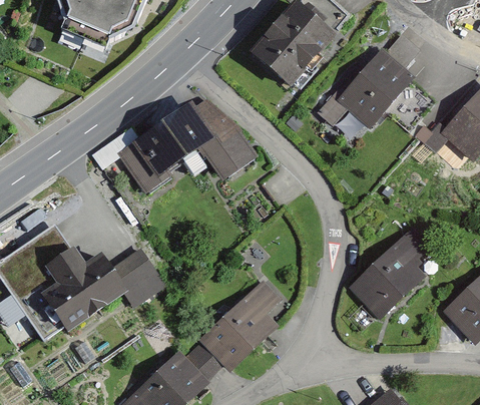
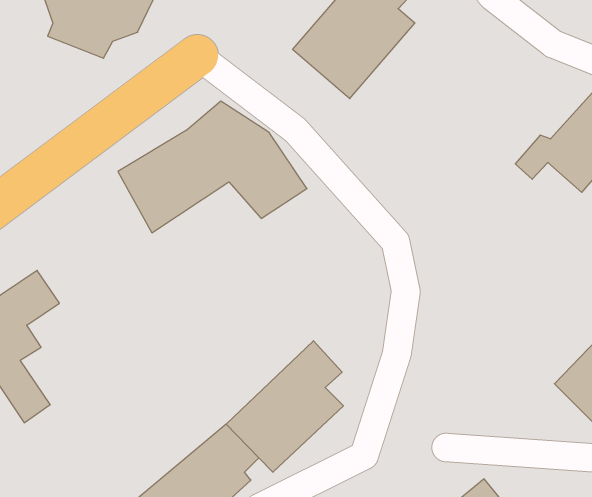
building: [311,32,415,139] -> none
building: [354,226,437,322] -> none
building: [38,246,163,334] -> none

